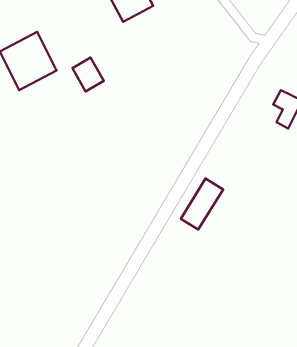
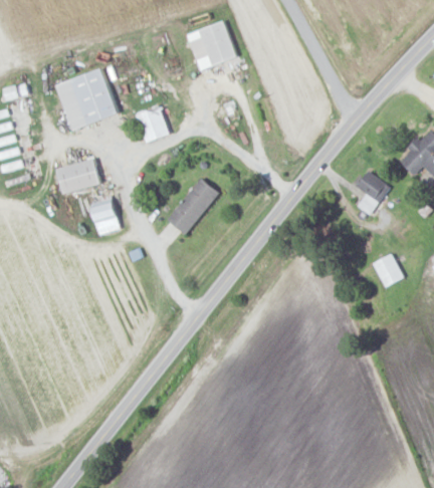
building: none -> [56,159,100,193]
building: none -> [90,197,120,234]
building: [181,178,223,230] -> [167,177,219,233]

